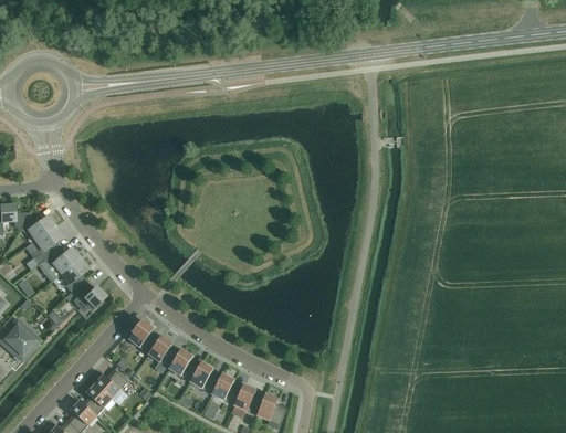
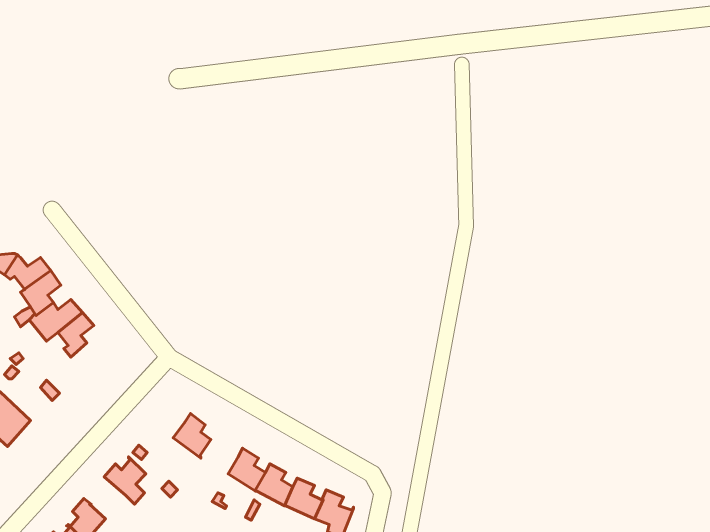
building: [71,279,105,309] -> none
building: [129,318,158,353] -> none
building: [169,348,199,381] -> none
building: [85,382,113,414] -> none

